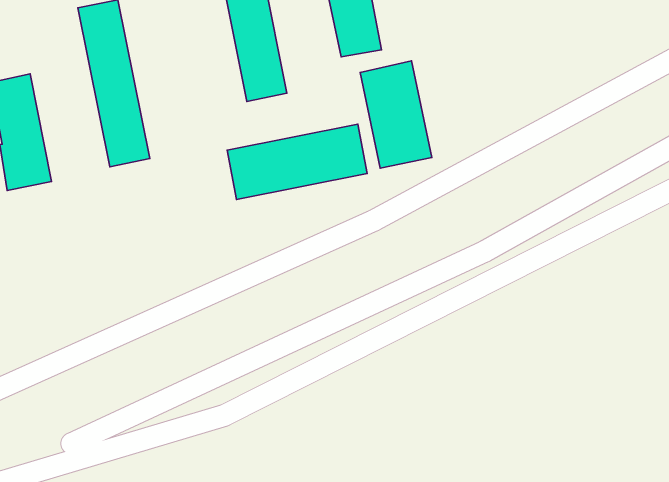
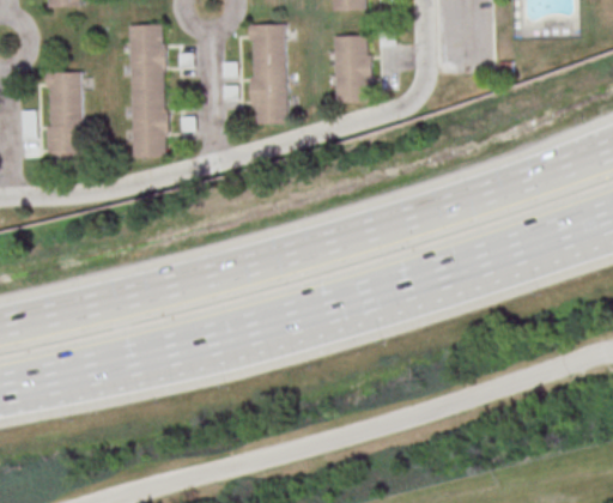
building: [360,61,432,168] -> none
building: [227,124,367,200] -> none

